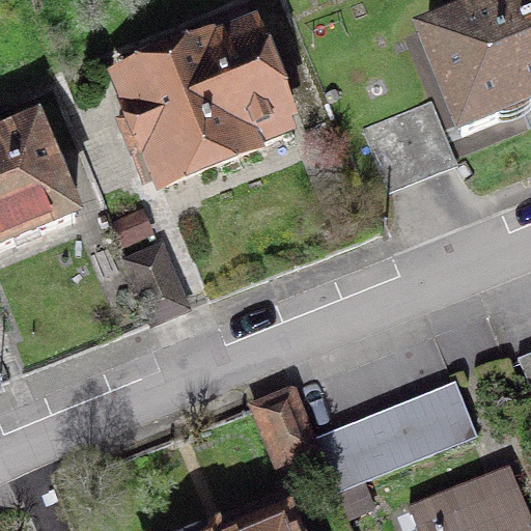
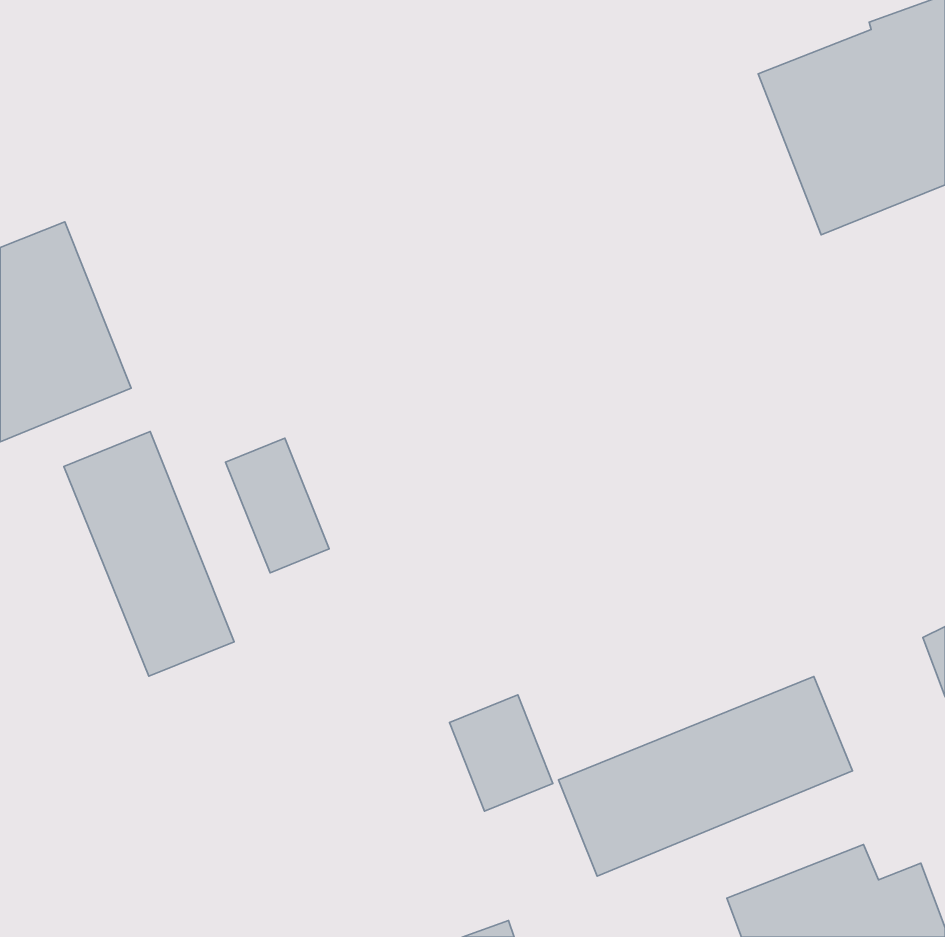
building: [118,34,294,185] -> none
building: [363,99,454,188] -> none
building: none -> [64,431,234,676]

